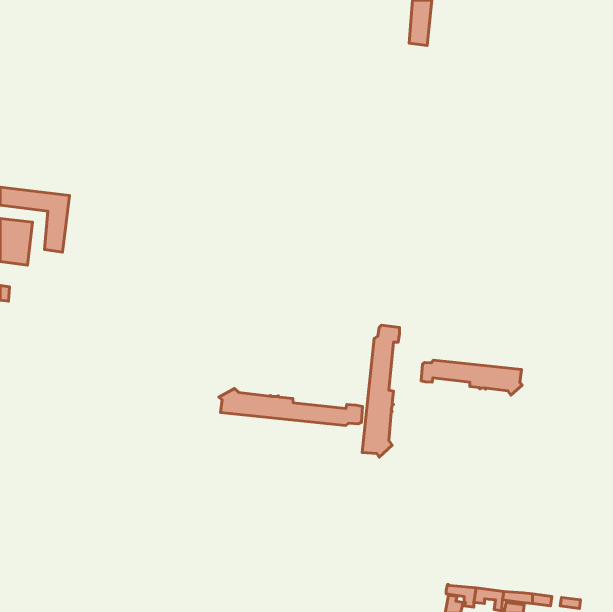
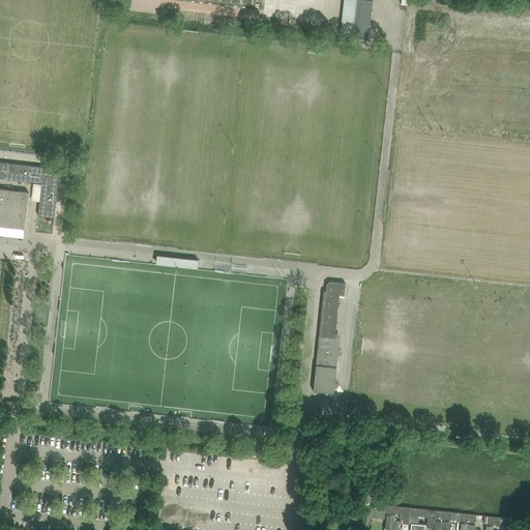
building: [421,360,522,395] -> none
building: [219,388,362,426] -> none

